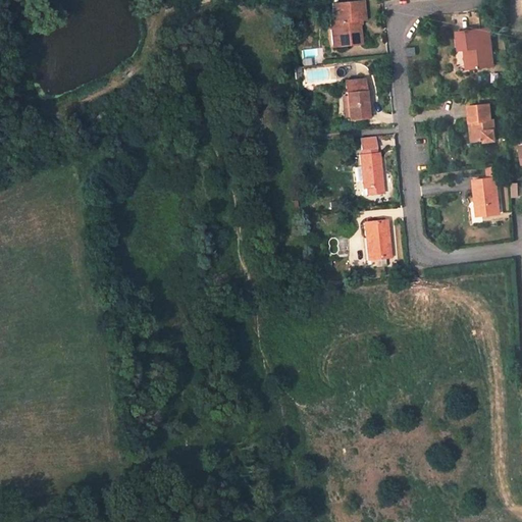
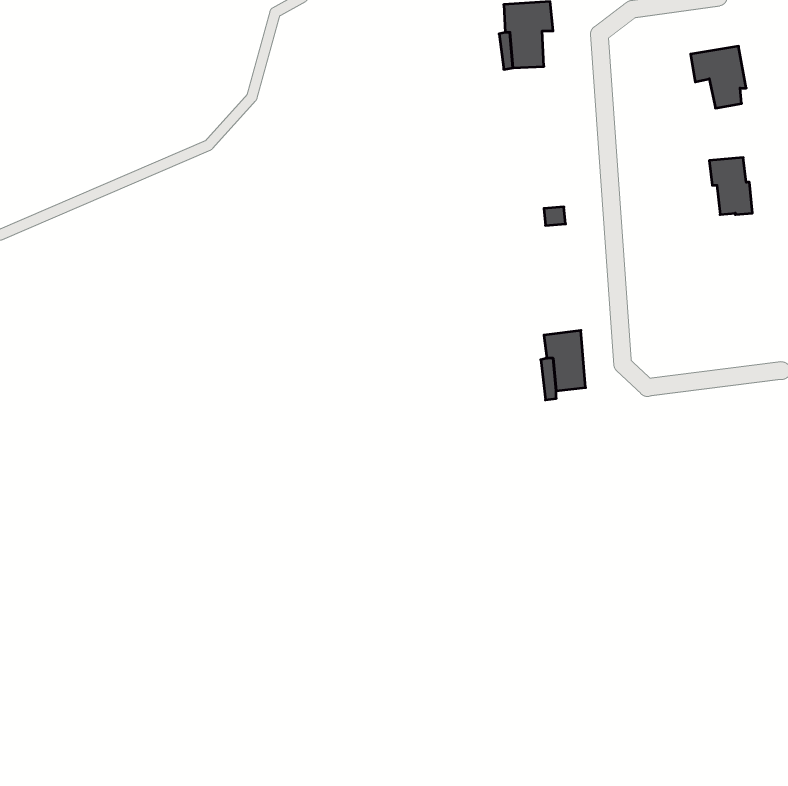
building: [345,81,367,120] -> none
building: [359,152,381,194] -> none
building: [474,175,501,214] -> none

